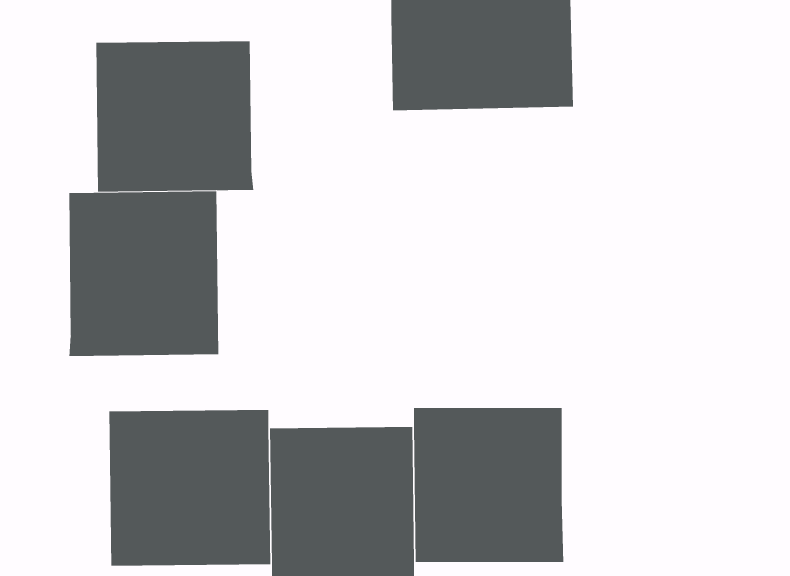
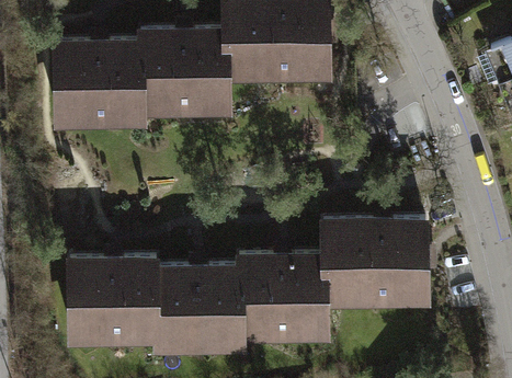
building: none -> [147,27,229,117]
building: [69,191,219,357] -> none
building: none -> [328,218,429,308]

